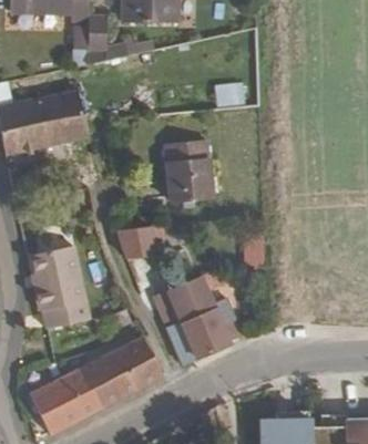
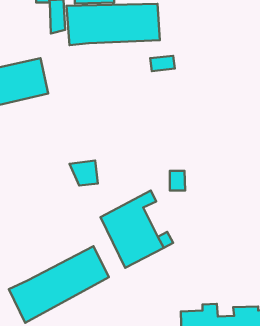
building: none -> [67,4,160,45]
building: [163,140,209,202] -> none
building: [35,246,95,329] -> none

